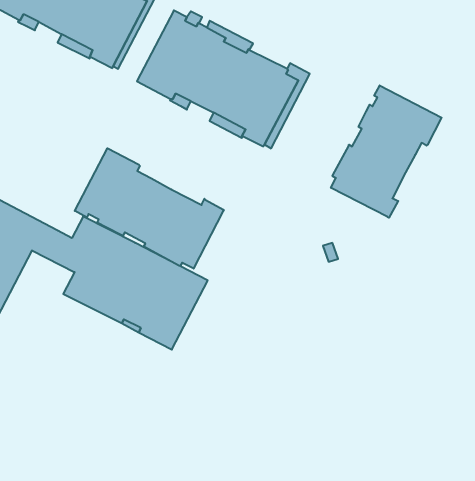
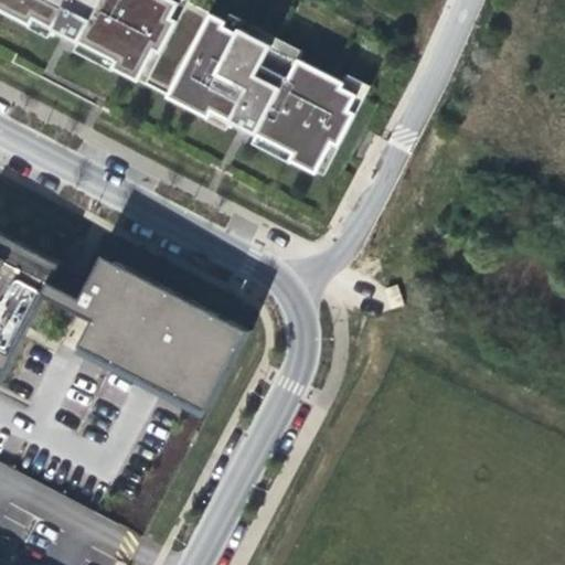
building: [331,85,442,218] -> none
building: [75,148,224,269] -> none

